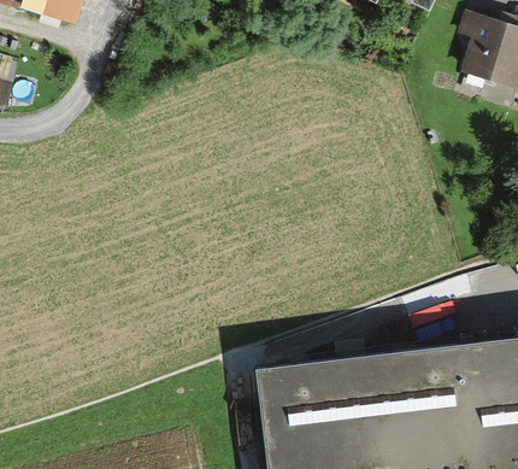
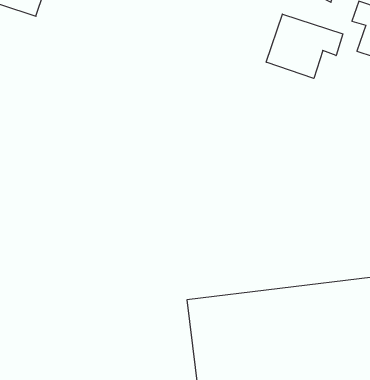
building: none -> [266,14,343,78]

